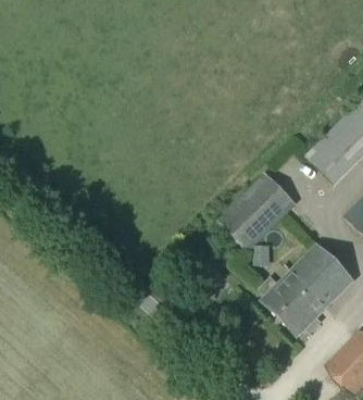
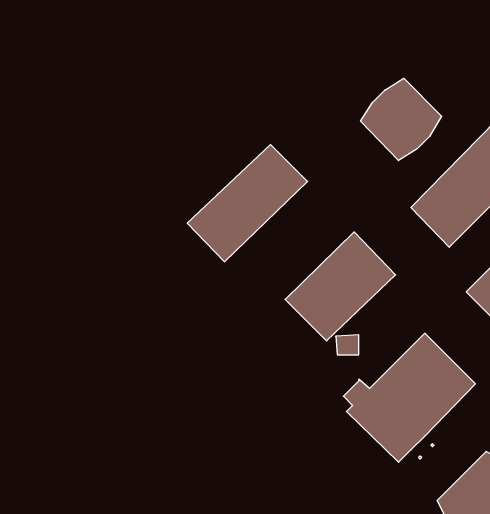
building: none -> [361,78,442,161]
building: none -> [187,145,308,262]

